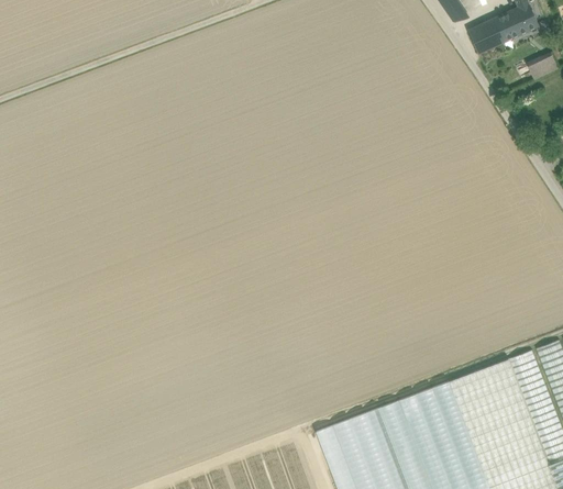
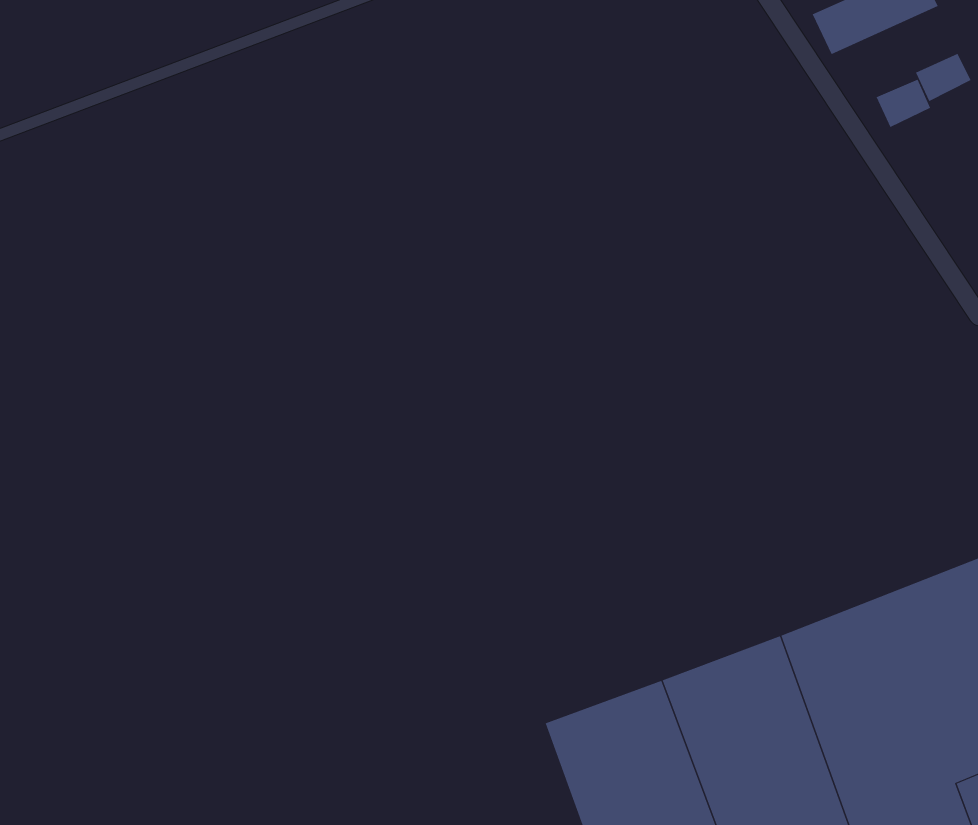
building: none -> [876,79,931,128]

